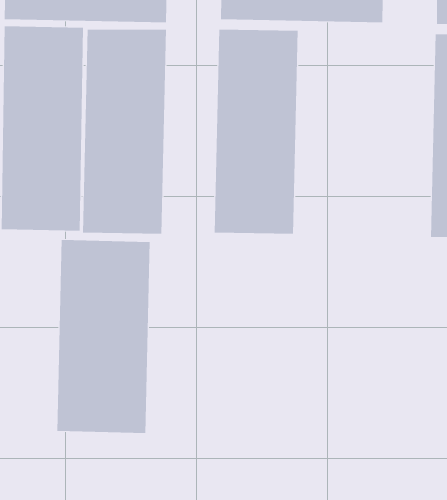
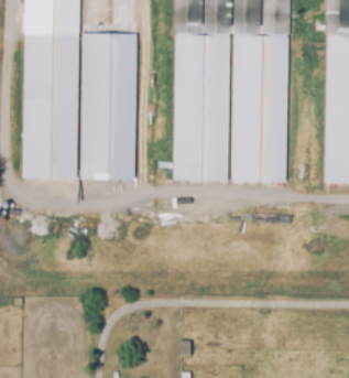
building: none -> [231,36,291,181]
building: [57,239,150,434] -> none

